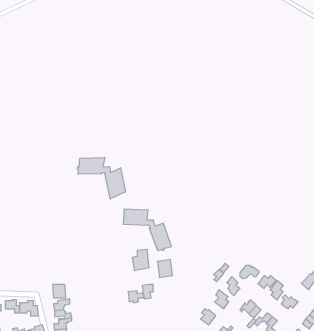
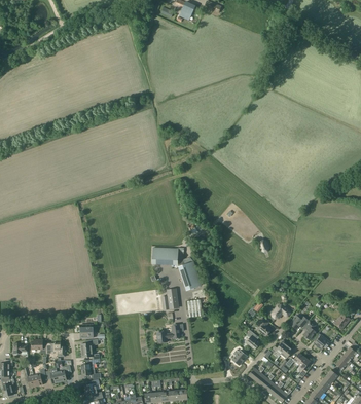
building: [77,157,125,199] -> none

